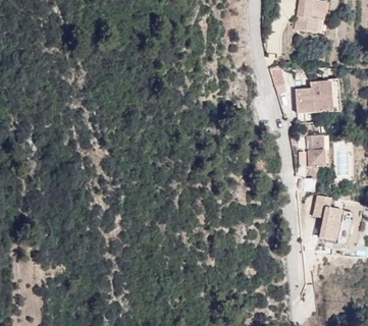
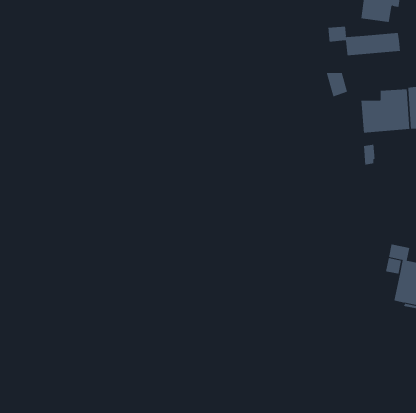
building: none -> [328,26,401,56]
building: [307,134,324,166] -> none

